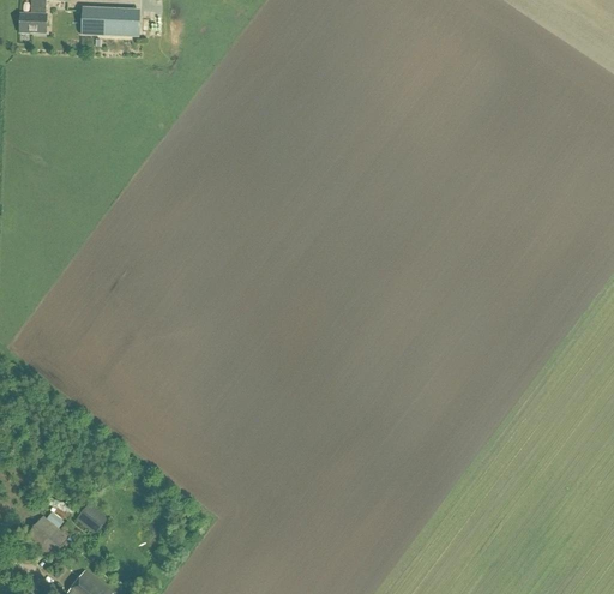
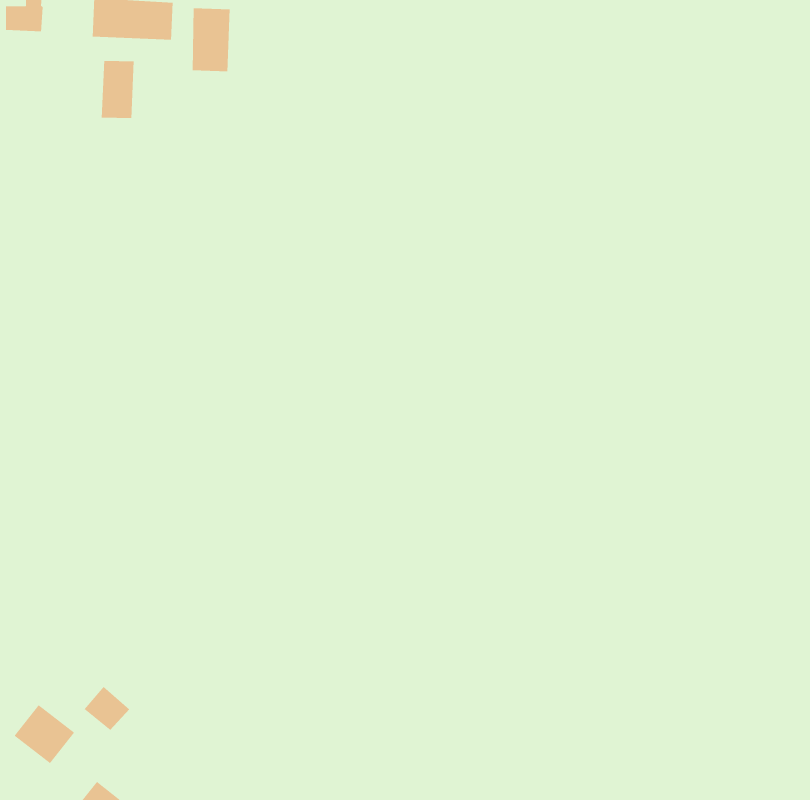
building: none -> [192,7,231,72]
building: none -> [101,60,135,119]

